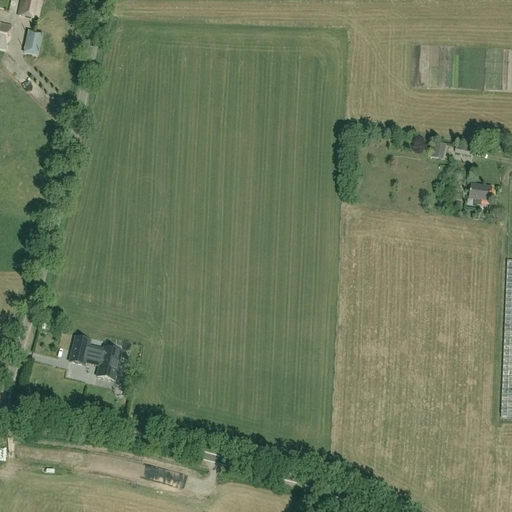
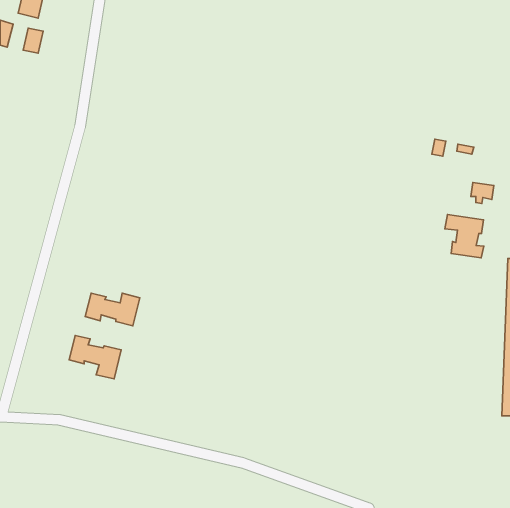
building: none -> [445,214,484,258]
building: none -> [85,293,140,326]

